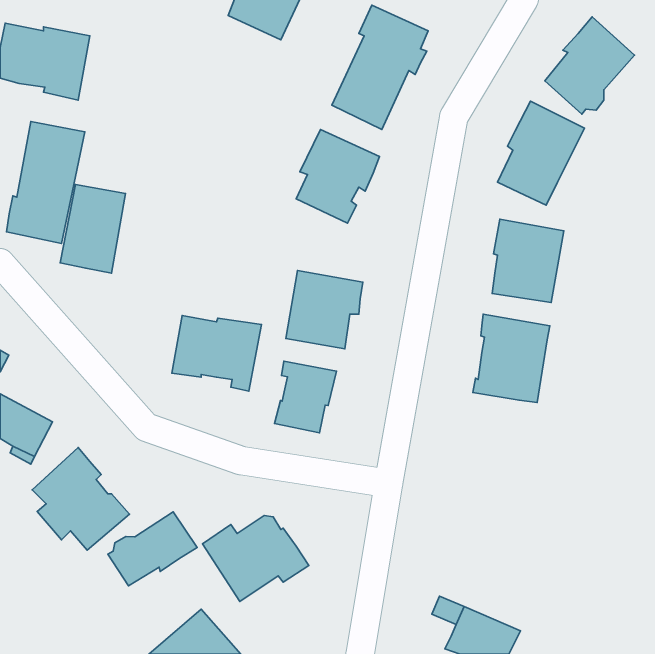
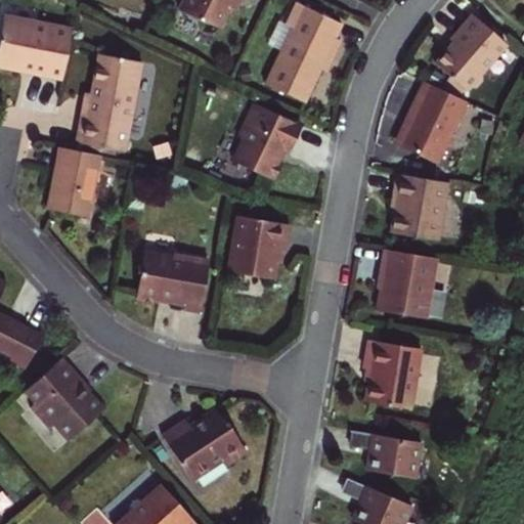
building: [7,122,85,243] -> [78,55,140,152]
building: [275,361,336,433] -> none
building: none -> [362,339,422,408]
building: [108,512,197,586] -> none
building: none -> [352,431,423,478]

